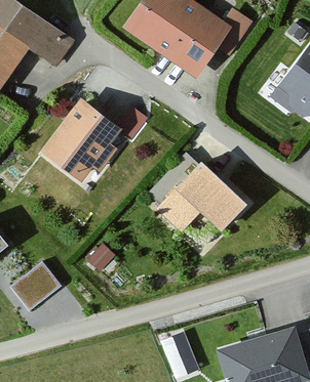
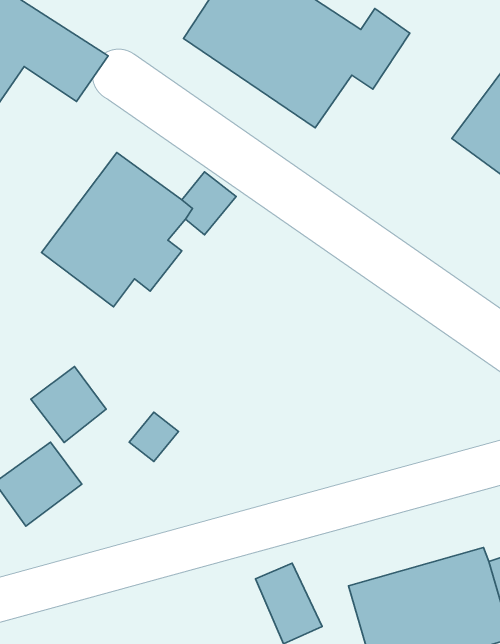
building: [152,155,248,232] -> none
building: none -> [31,366,106,442]

